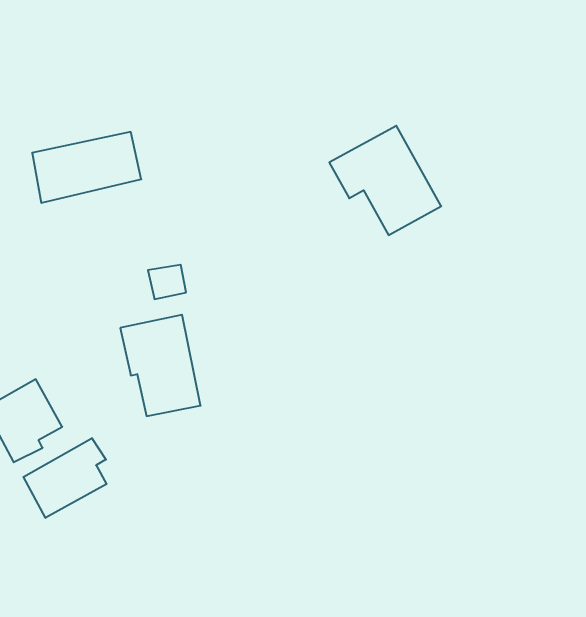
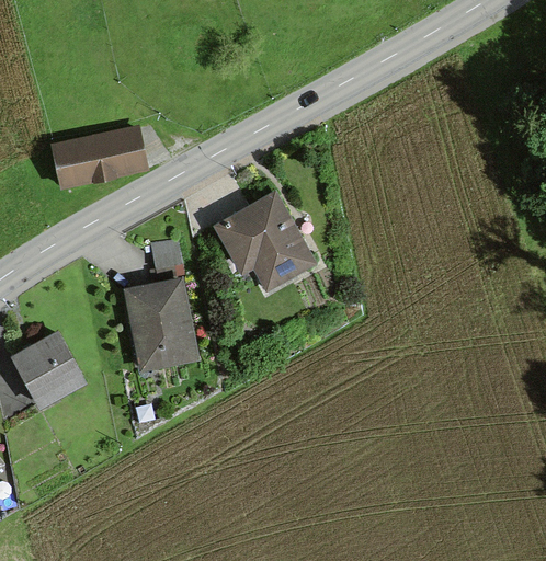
building: [329,126,441,235] -> [218,195,311,286]
building: [23,438,107,518] -> none

